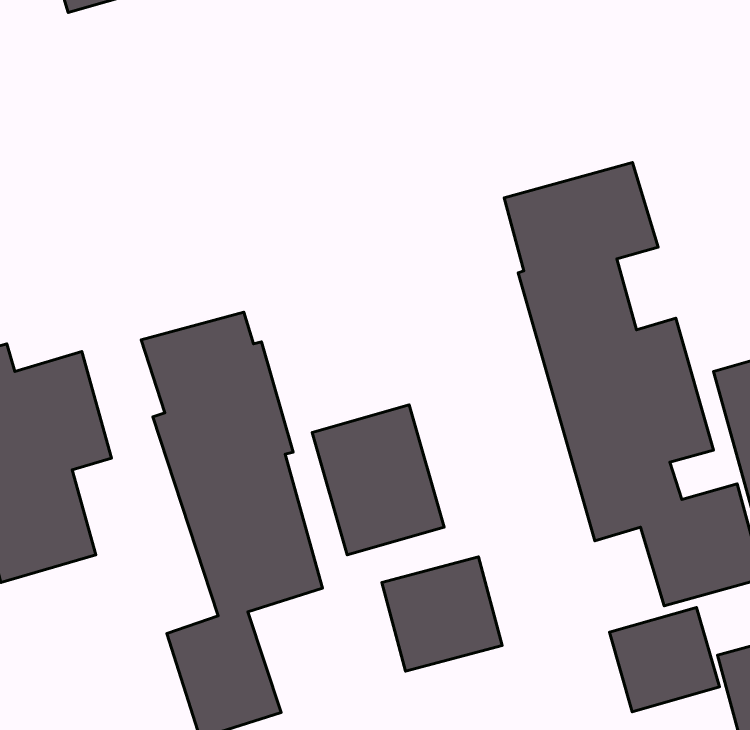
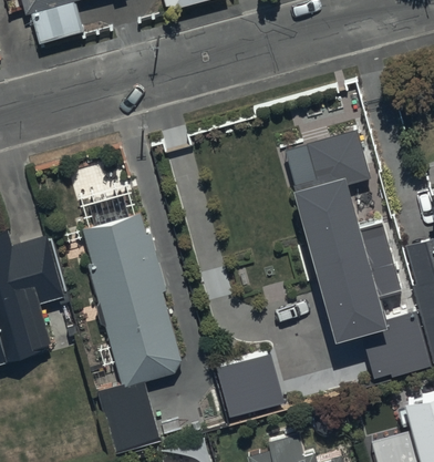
building: [312,405,444,555] -> none
building: [609,607,719,712] -> none

